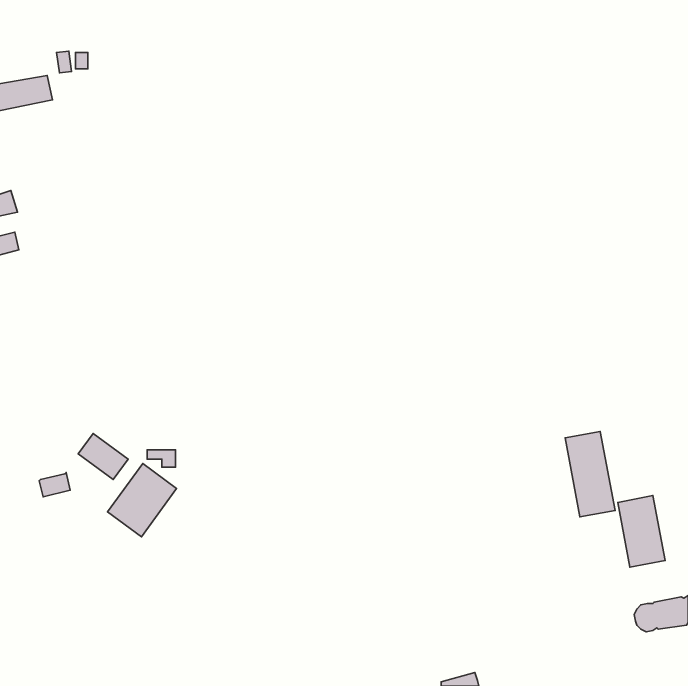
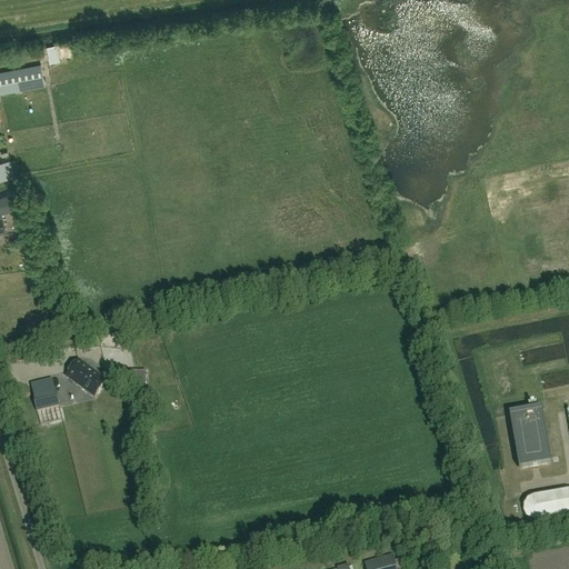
building: [565,431,615,517] -> none
building: [107,464,177,537] -> none

